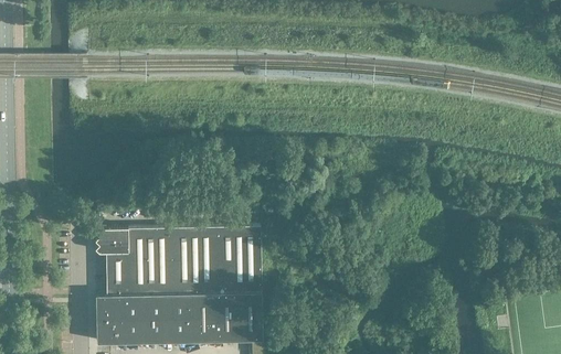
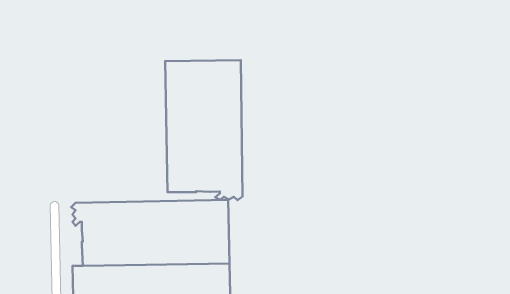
building: none -> [165,60,242,200]

